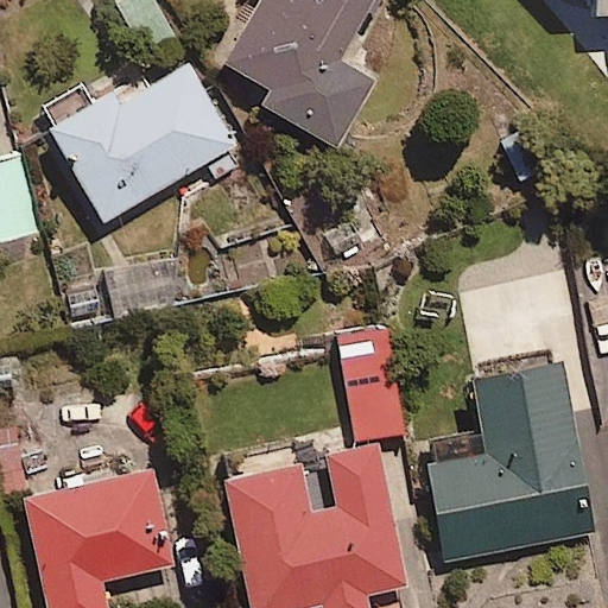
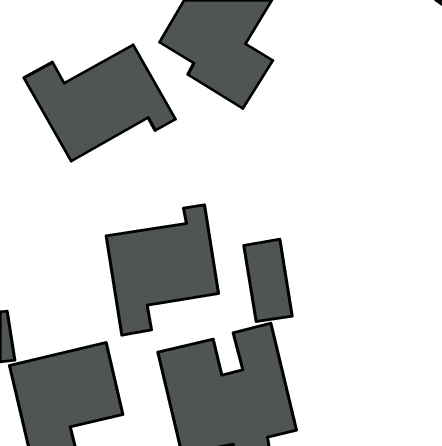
building: none -> [106,205,219,335]
building: [426,352,596,563] -> none

